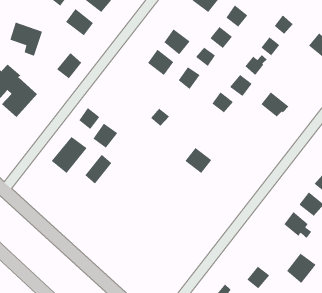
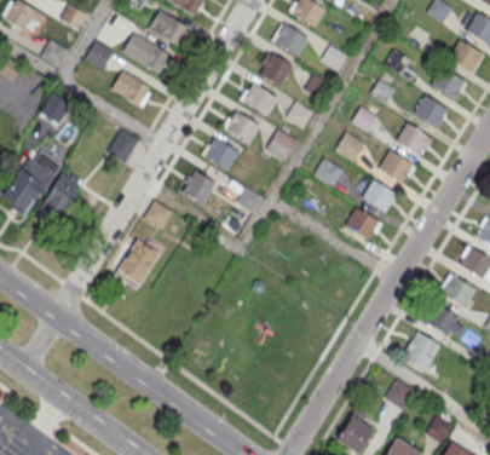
building: none -> [260,53,293,87]
building: none -> [415,96,448,127]
building: none -> [203,138,240,171]
building: none -> [397,123,433,155]
building: none -> [363,179,397,212]
building: [92,123,118,148] -> [183,168,215,201]
building: [184,147,212,174] -> [345,207,381,241]
building: [85,154,112,184] -> none
building: [286,253,317,284] -> [403,332,442,372]

